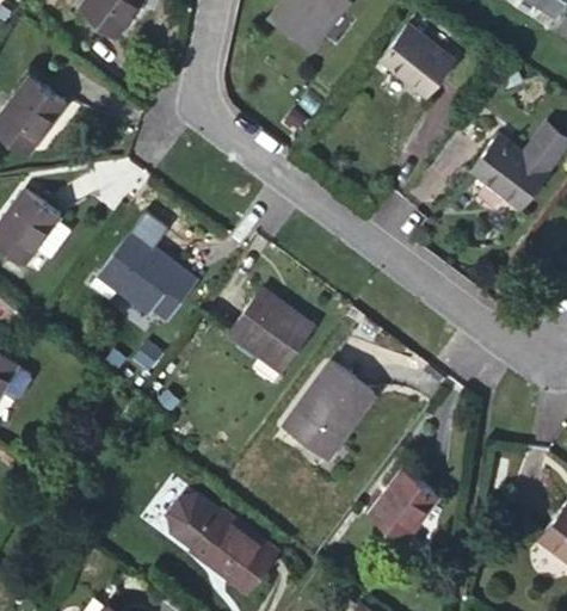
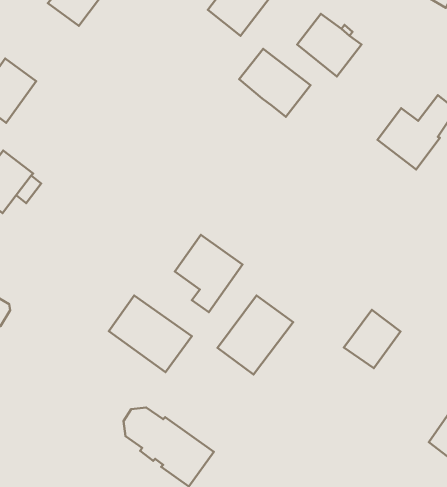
building: none -> [239,49,310,117]
building: [98,230,193,315] -> none
building: none -> [109,296,192,372]
building: [368,470,436,541] -> [344,310,401,368]

